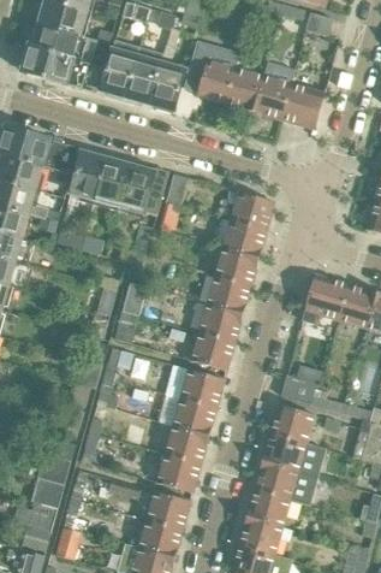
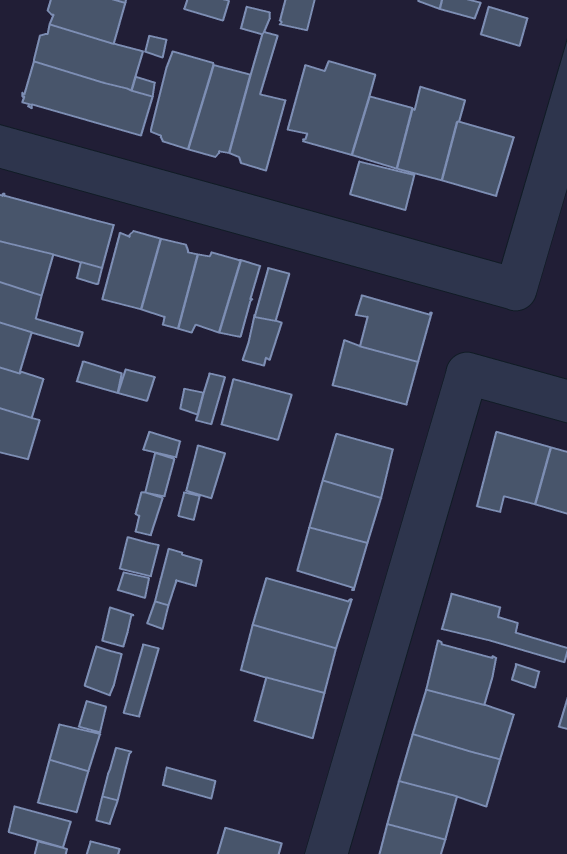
building: none -> [350,161,415,210]
building: [215,247,258,284] -> [221,379,292,440]
building: [156,451,201,492] -> none
building: [147,490,190,527] -> none

